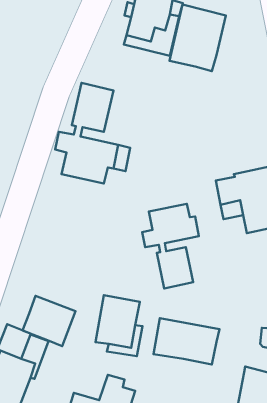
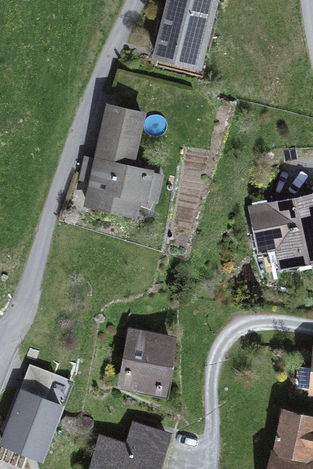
building: [169,4,226,71] -> none
building: [142,204,199,288] -> none
building: [22,296,76,346] -> none
building: [154,318,219,364] -> none

